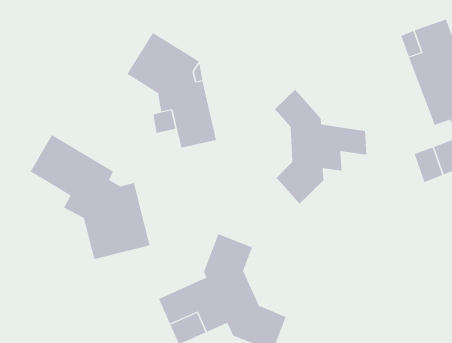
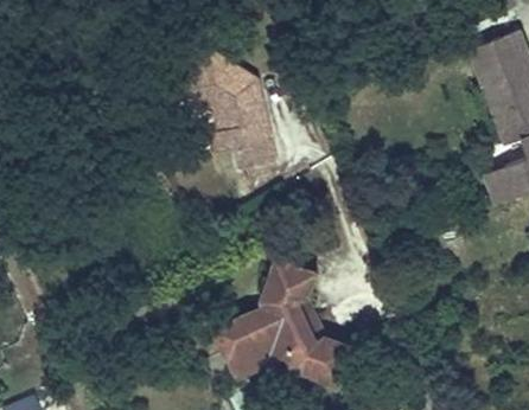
building: [274,89,367,205] -> none
building: [30,134,150,260] -> none

